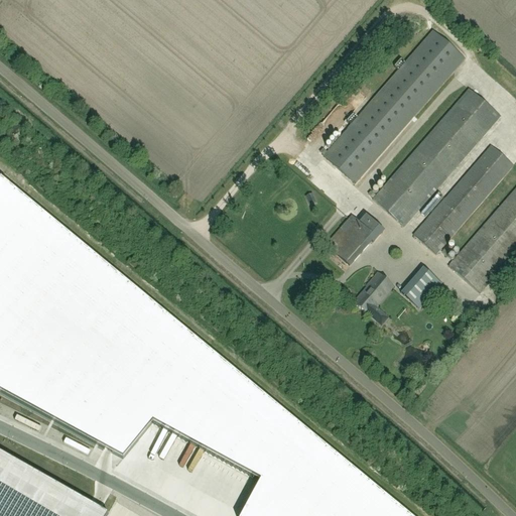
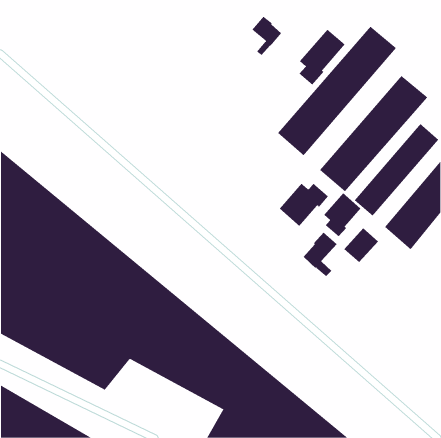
building: none -> [252,16,282,56]
building: none -> [299,29,345,85]
building: none -> [323,193,361,237]

